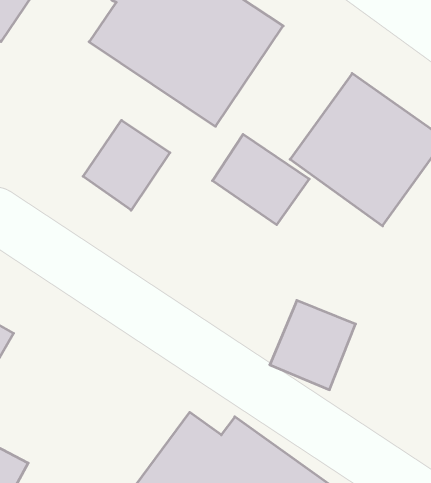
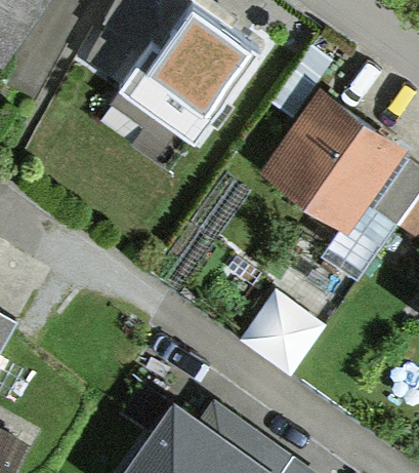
building: [83,120,170,210] -> none
building: [212,134,309,225] -> none

